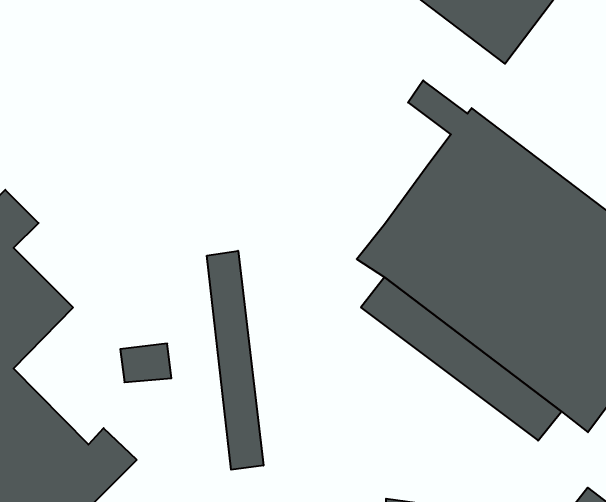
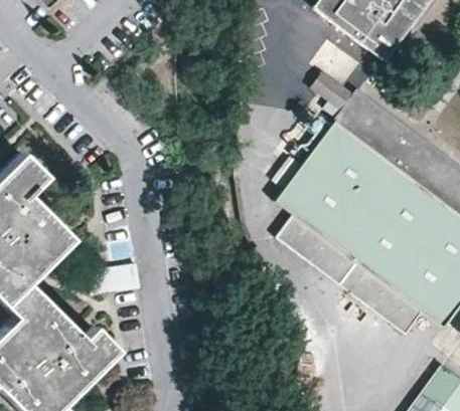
building: [207,251,263,470] -> none

